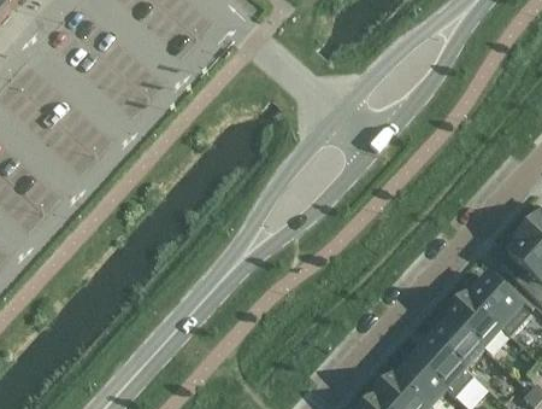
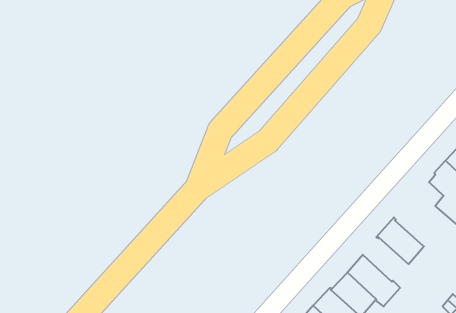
building: [467,273,529,334] -> none
building: [430,314,483,366] -> none

